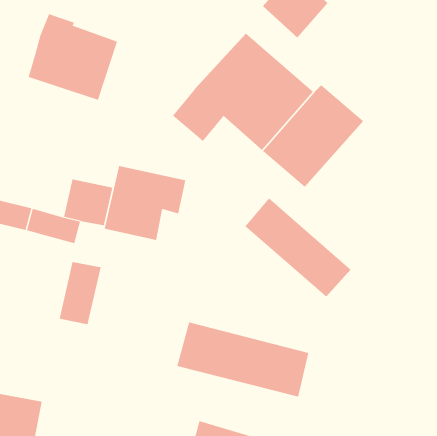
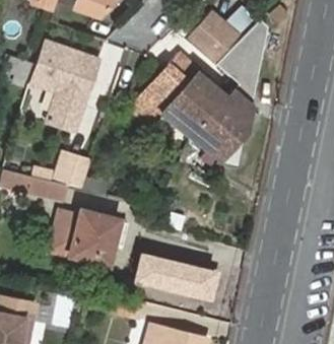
building: none -> [220,36,264,77]
building: none -> [37,90,77,131]
building: [104,165,186,241] -> [70,211,127,263]
building: [244,197,352,298] -> none

